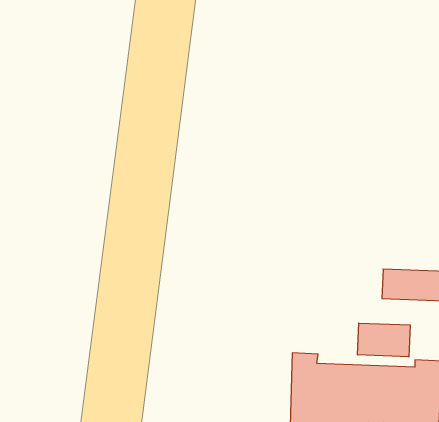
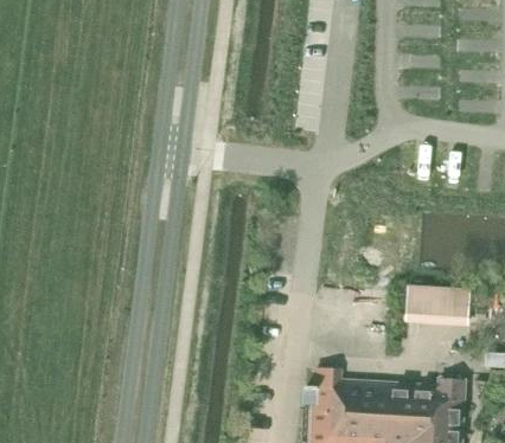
building: [358,323,410,357] -> none

